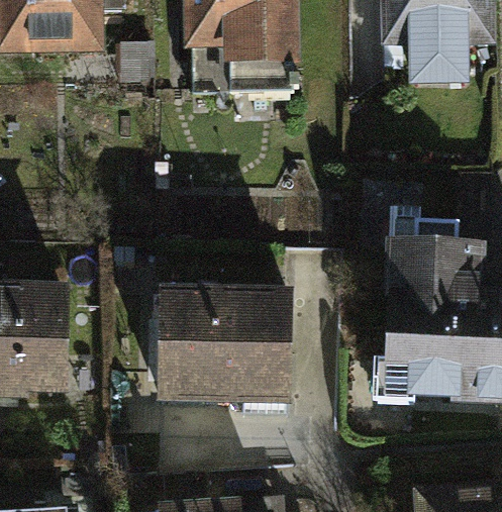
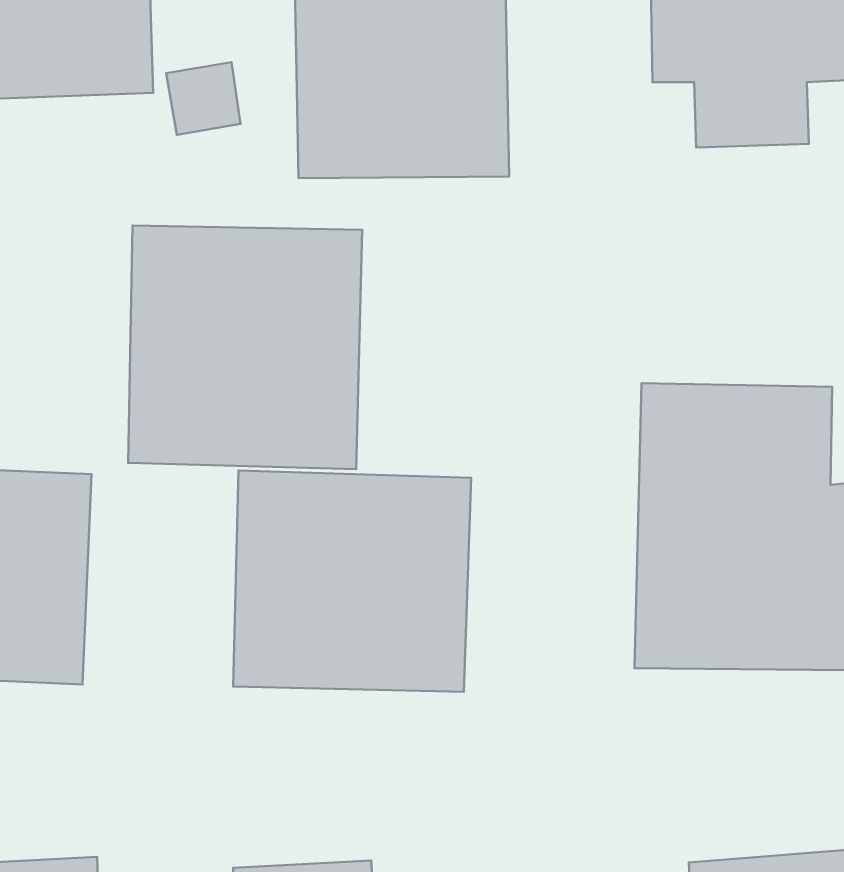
building: none -> [128,226,362,469]

